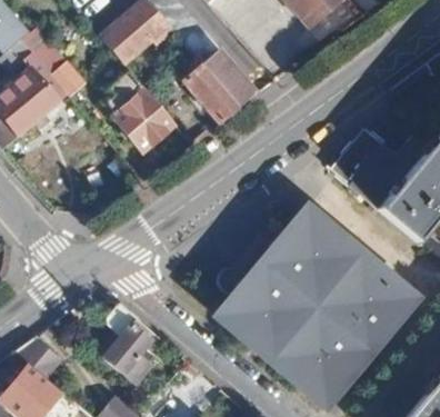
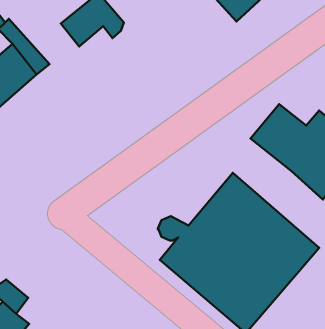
building: [180,49,262,123] -> none
building: [108,81,178,151] -> none
building: [101,306,163,384] -> none

